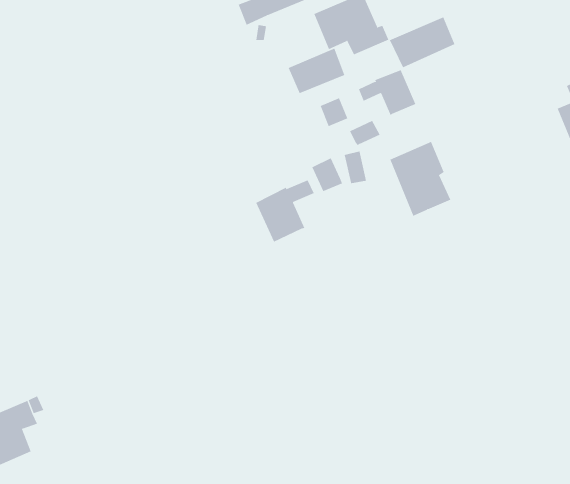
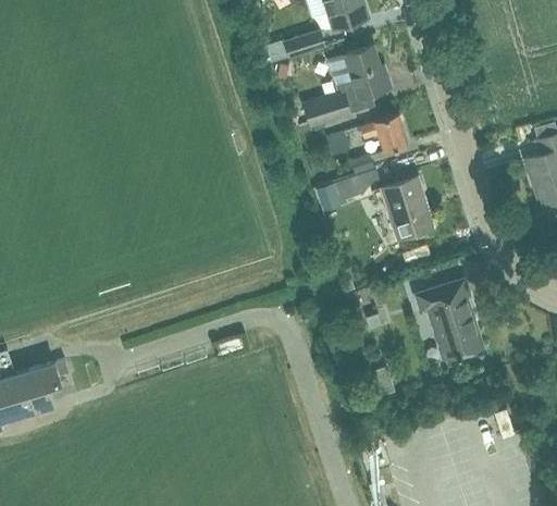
building: [389,17,455,68] -> none
building: [255,179,315,242] -> none
building: none -> [414,285,482,359]

